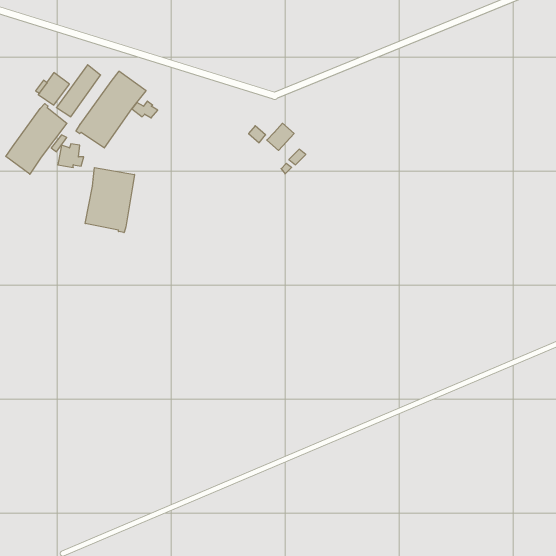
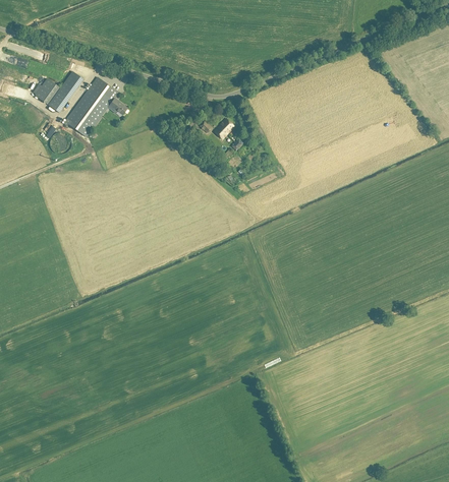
building: [6,104,67,174] -> none
building: [85,168,134,233] -> none

